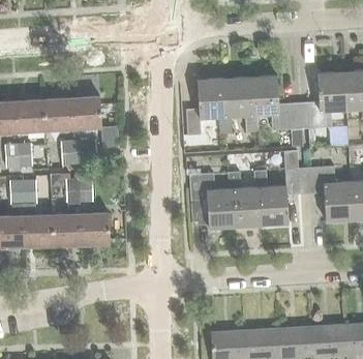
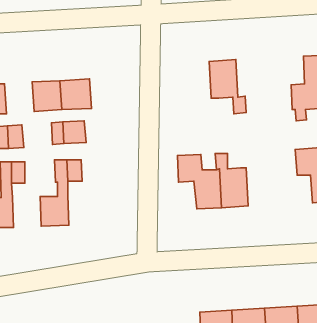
building: [247,76,304,129] -> none
building: [185,79,231,134] -> none
building: [13,99,43,131] -> none
building: [252,168,309,225] -> none
building: [78,213,110,244] -> none
building: [22,215,51,246] -> none

